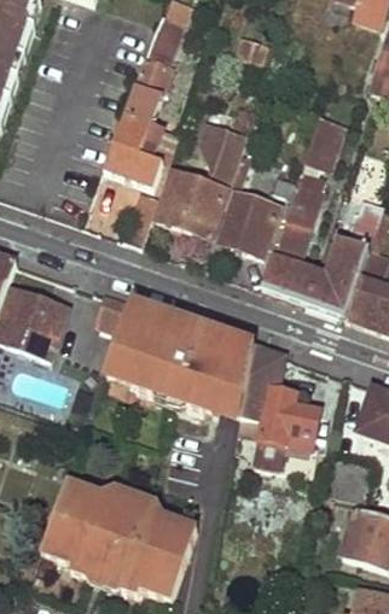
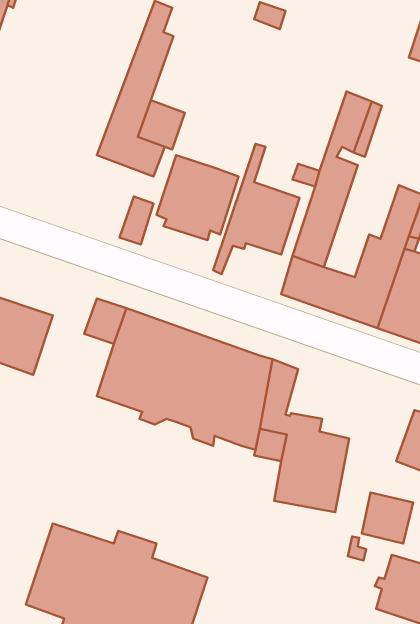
building: [198,123,246,187] -> none

